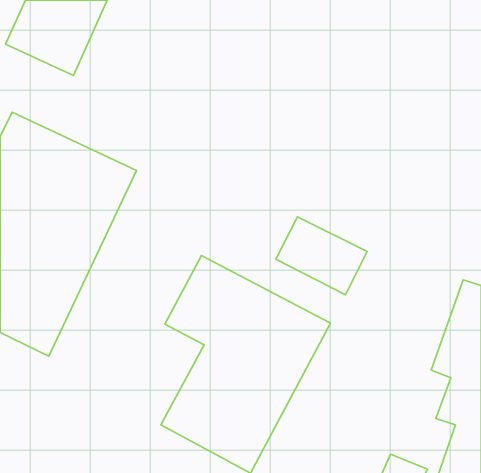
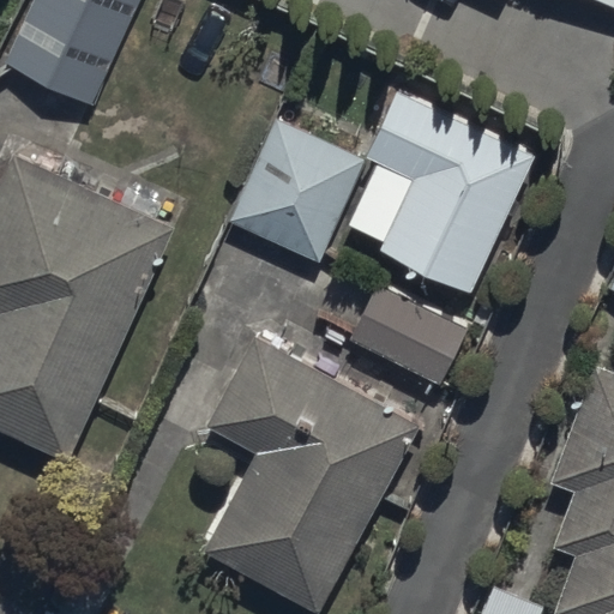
building: none -> [367,89,535,285]
building: none -> [231,126,362,265]

